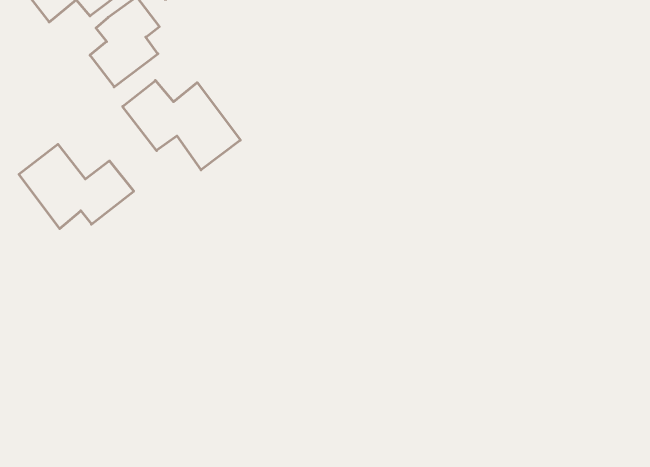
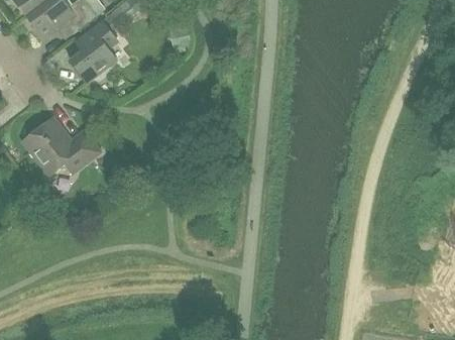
building: [123,80,240,170] -> none

